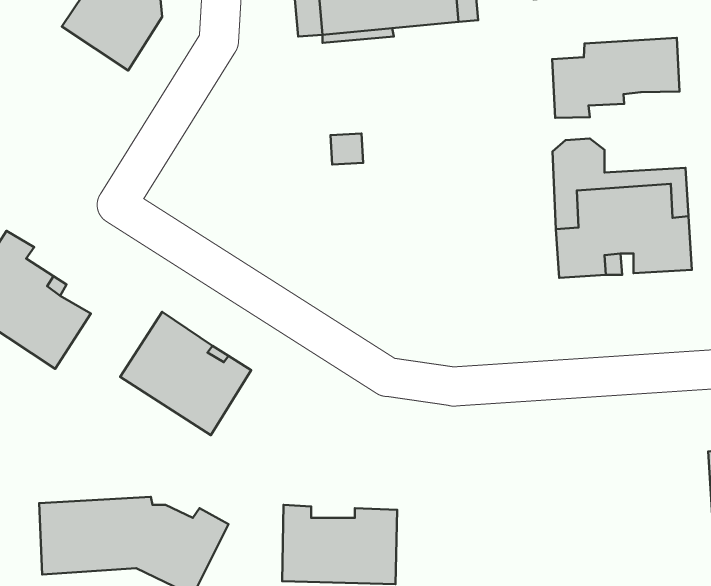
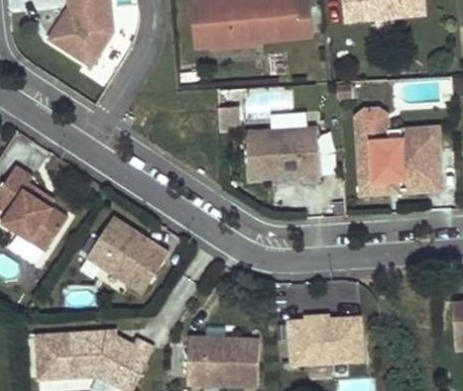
building: [552,38,679,118] -> none
building: none -> [245,128,320,181]
building: none -> [288,317,362,365]

